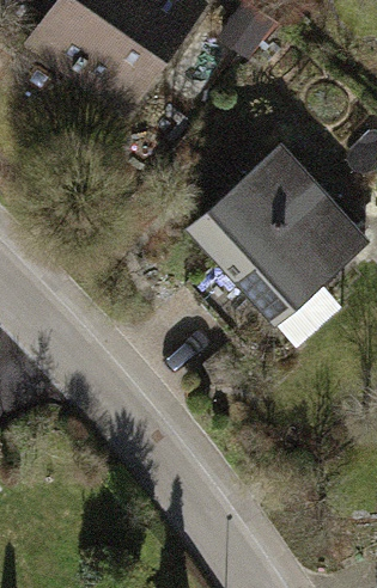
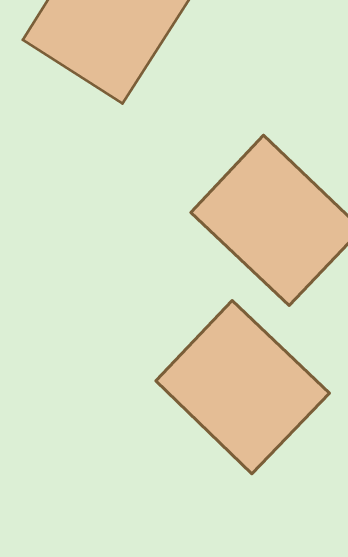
building: none -> [156,300,330,474]

